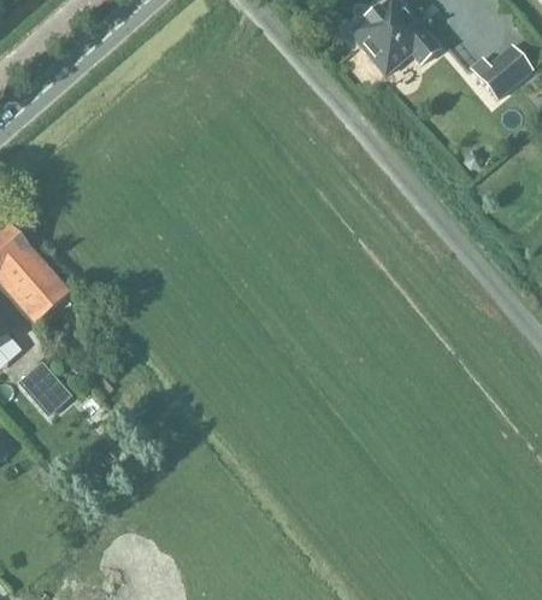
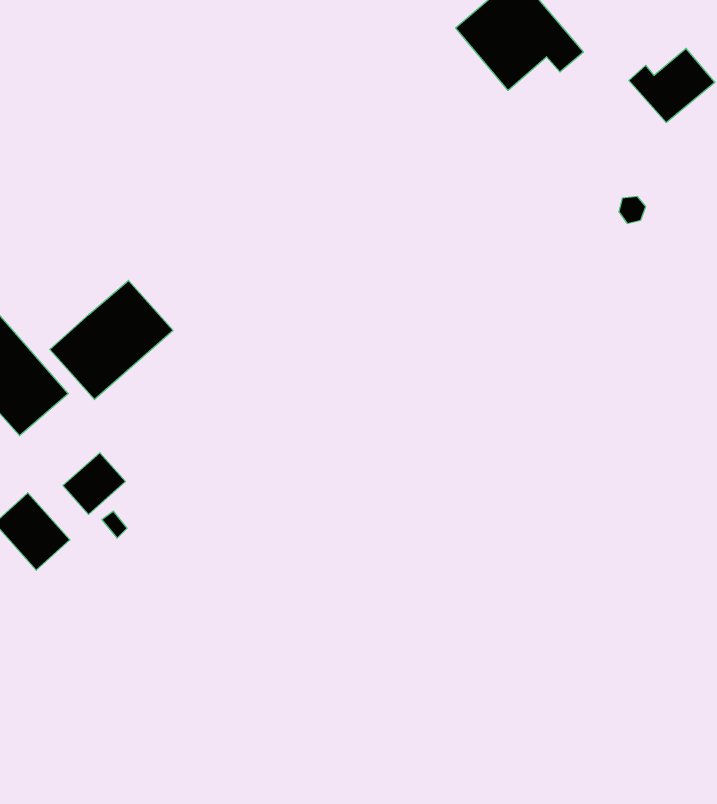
building: none -> [50,280,173,400]
building: none -> [63,453,125,514]

